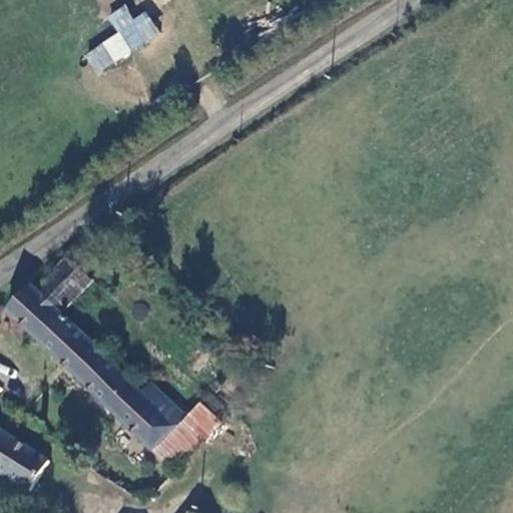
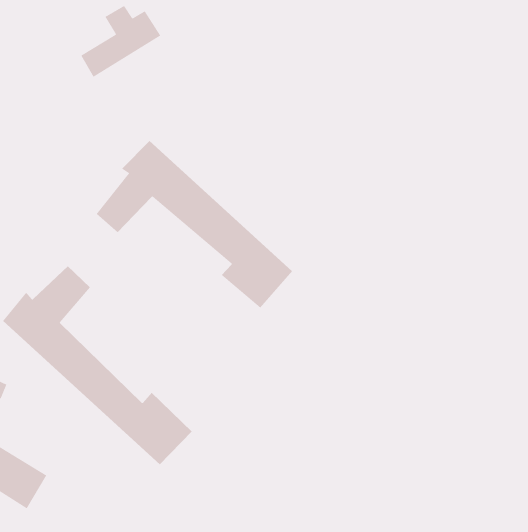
building: none -> [96,140,293,308]
building: [153,400,218,469] -> none

